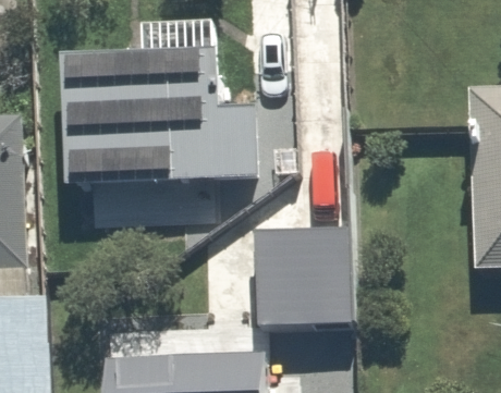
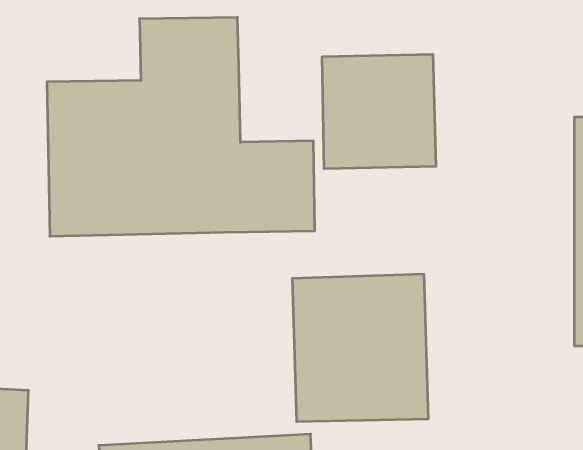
building: none -> [322,54,436,169]

